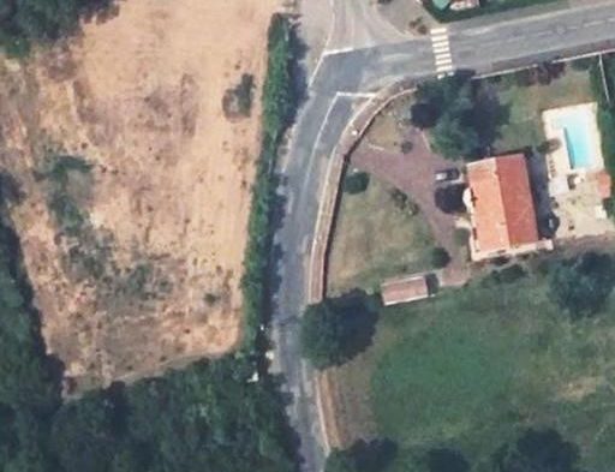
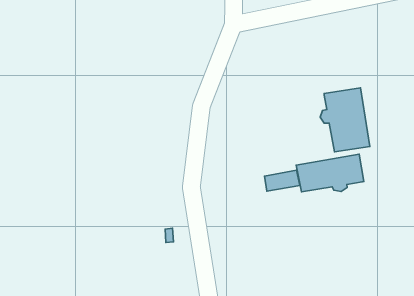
building: none -> [296,154,364,192]

